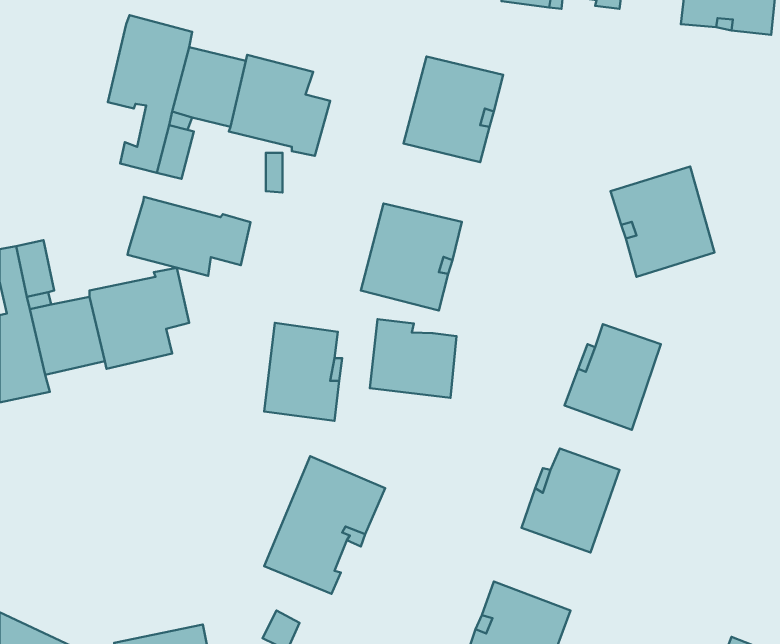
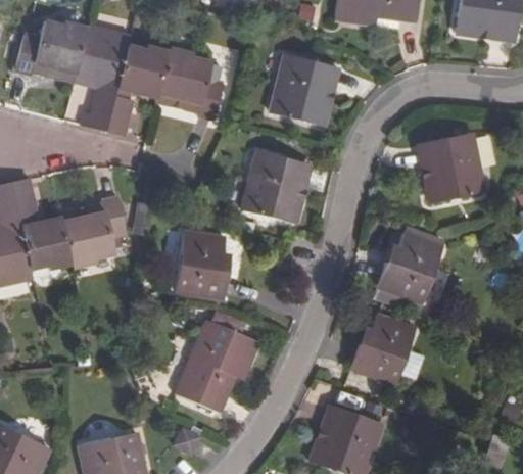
building: none -> [16,21,86,84]
building: [127,197,250,276] -> none
building: [370,319,457,398] -> none

